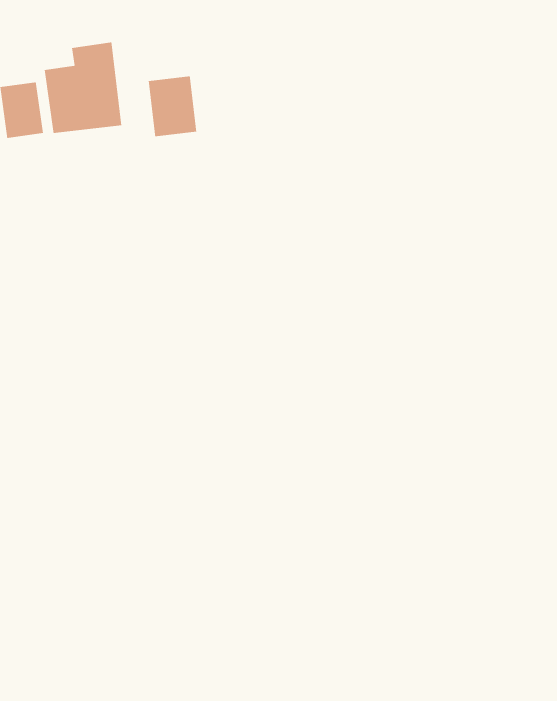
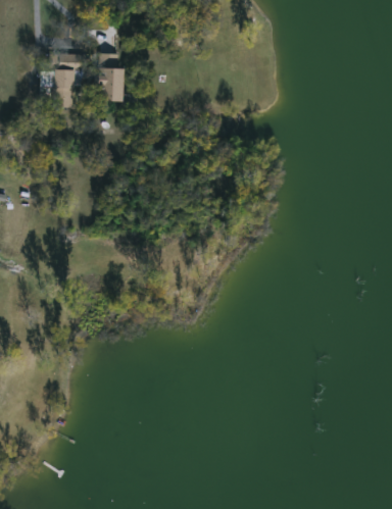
building: [148,76,197,137] -> none

